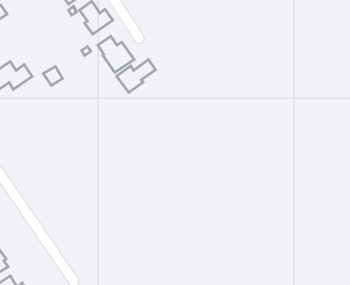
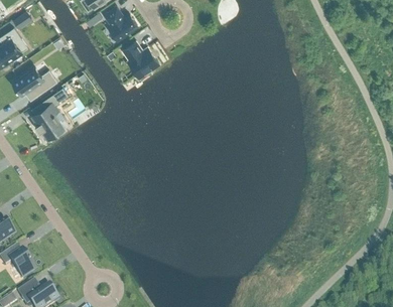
building: [117,59,156,92] -> none
building: none -> [32,88,68,139]

